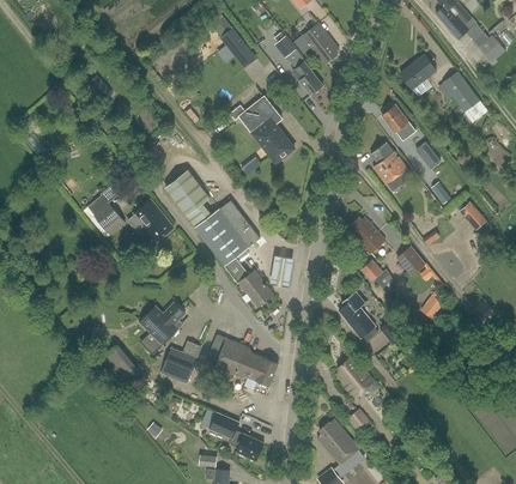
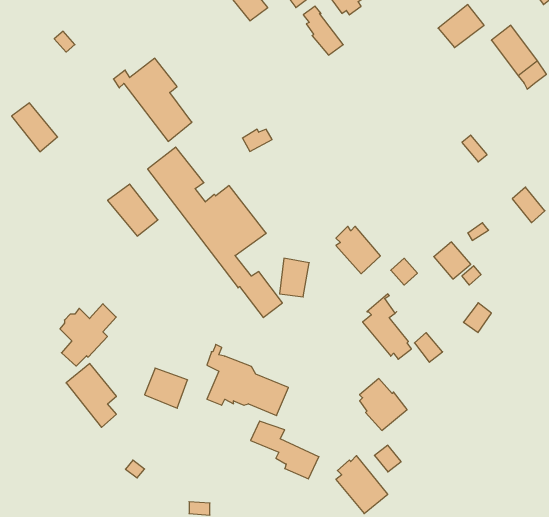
building: [230,96,293,163] -> [113,58,192,141]
building: [381,104,415,140] -> none
building: [370,141,406,183] -> none
building: [86,195,123,235] -> [12,103,58,152]
building: [348,216,384,254] -> [336,226,380,274]
building: [139,302,184,352] -> [60,304,116,366]
building: [208,413,263,460] -> [251,421,319,479]

